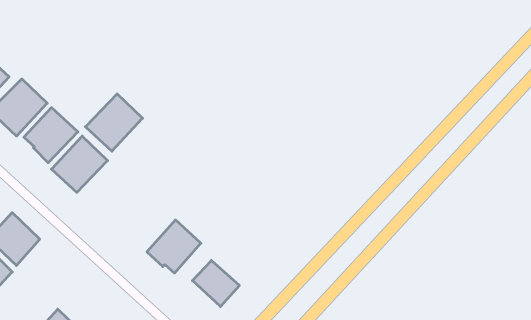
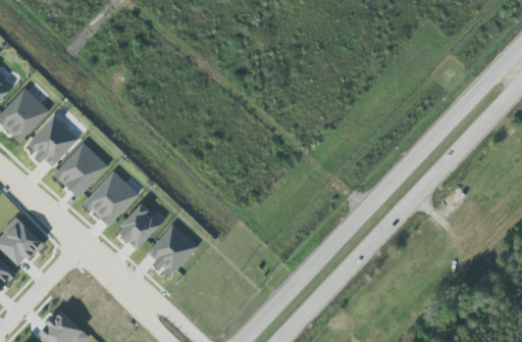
building: [85,94,143,151] -> [83,172,138,227]
building: none -> [115,203,164,250]
building: [192,260,239,307] -> none

